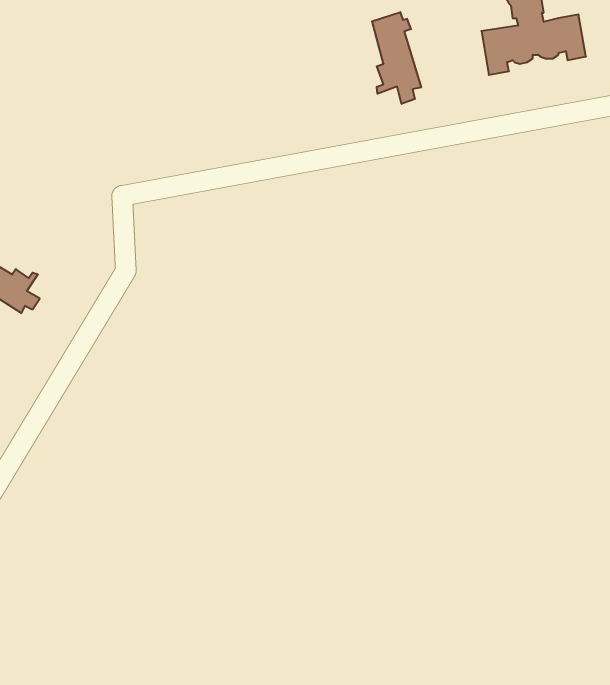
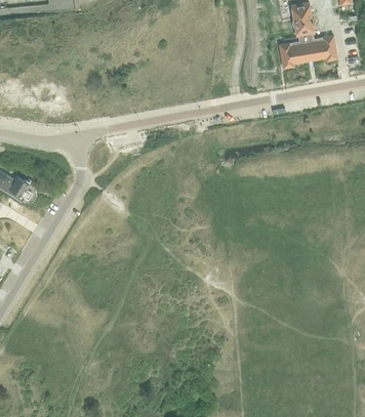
building: [372,12,421,104] -> none

